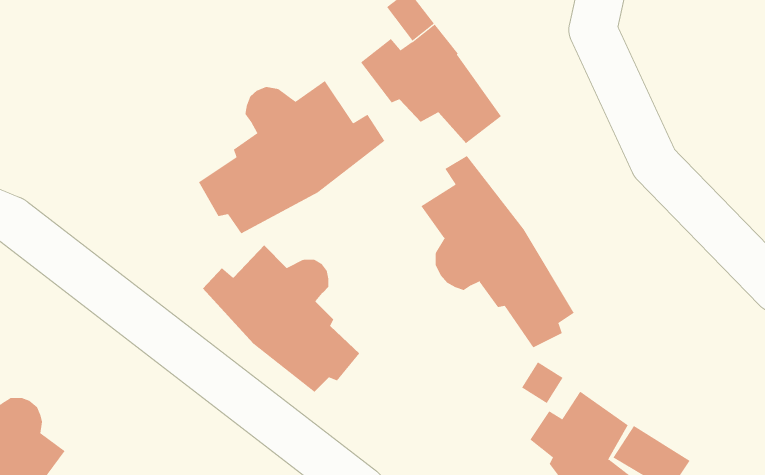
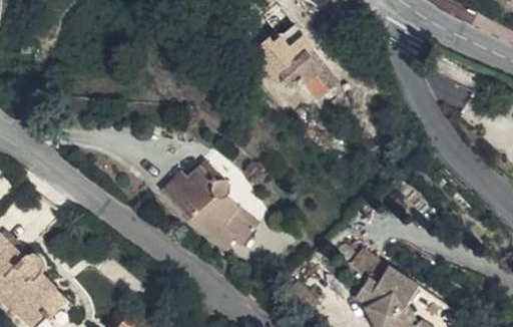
building: [198,80,385,234] -> none
building: [420,155,575,348] -> none

